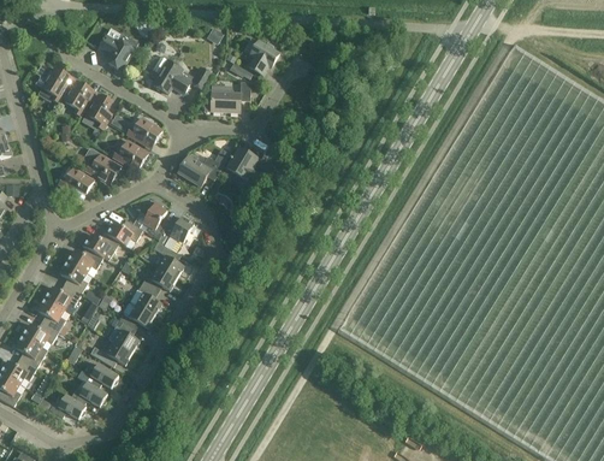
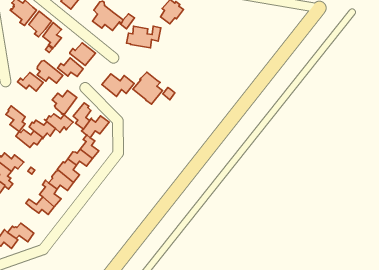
building: none -> [52,90,77,114]
building: [59,259,88,294] -> [6,106,25,132]
building: [77,361,118,386] -> none

